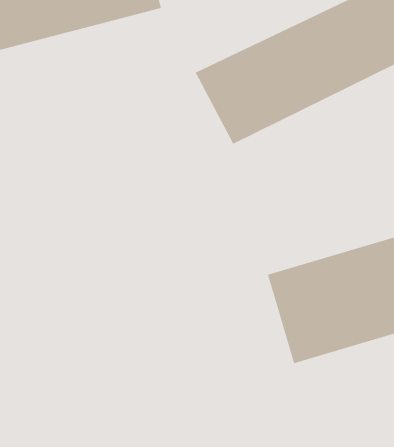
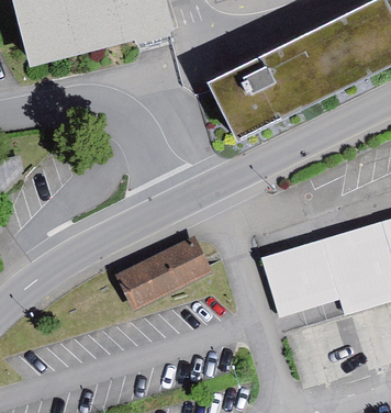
building: none -> [114,223,210,298]

